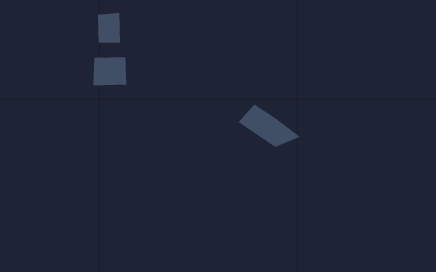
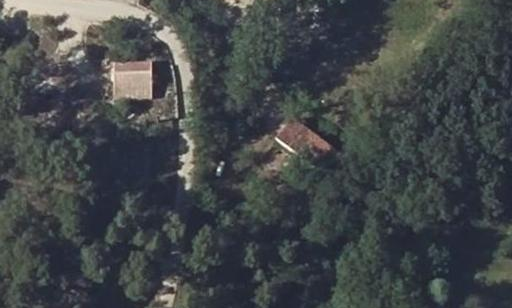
building: [98,12,121,44] -> none

